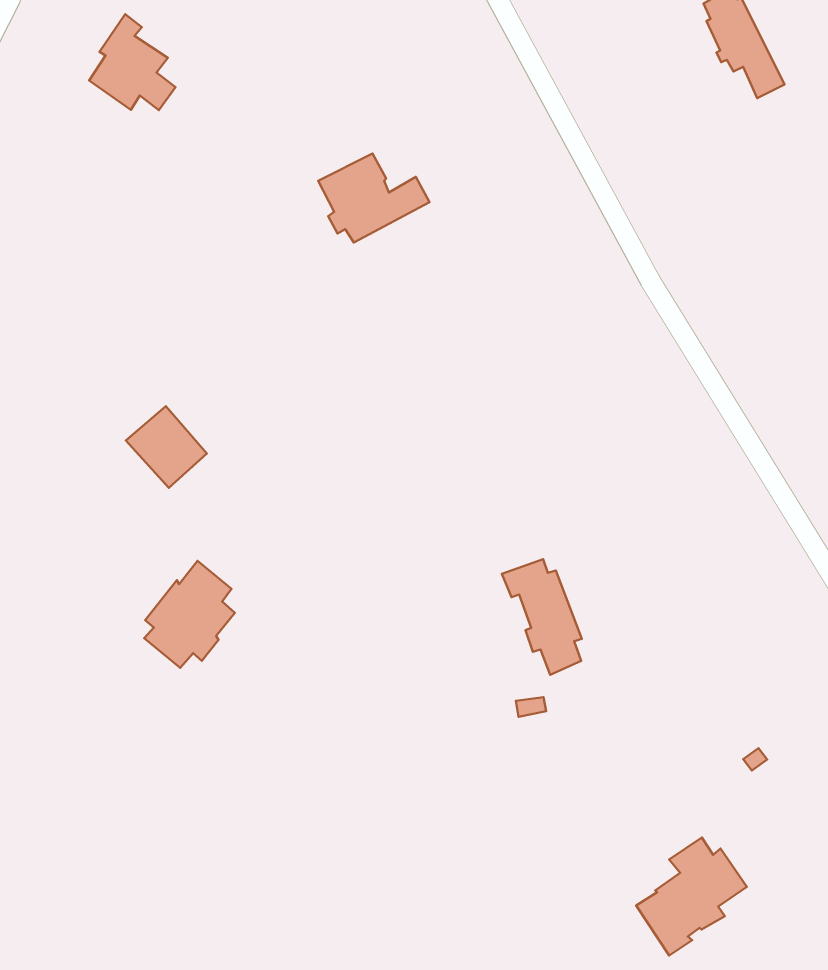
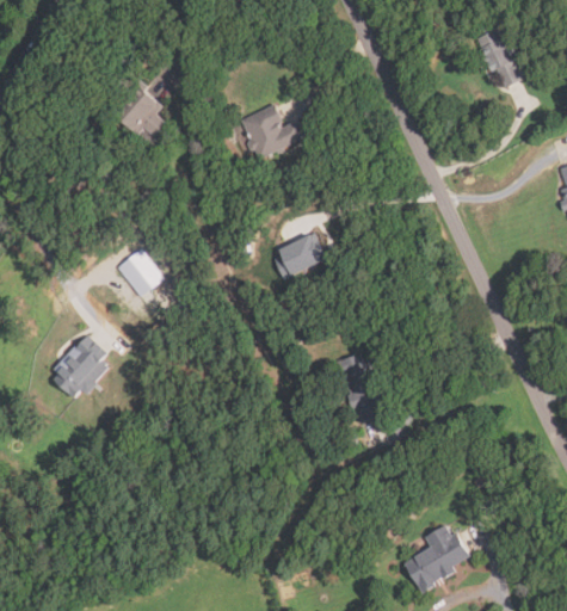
building: [89,14,175,110] -> [115,78,166,136]
building: none -> [275,232,327,278]
building: [144,561,235,668] -> [53,335,107,399]

